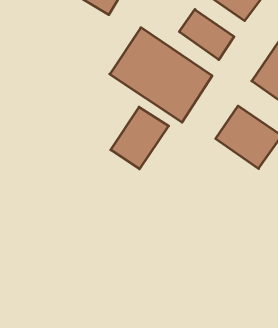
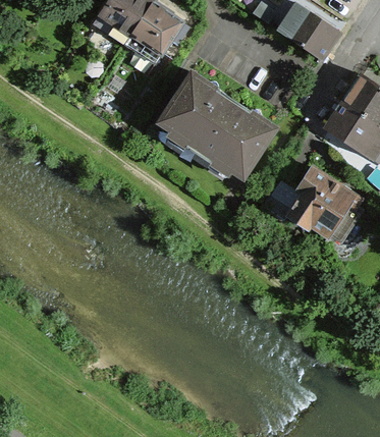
building: [179,9,234,60] -> none
building: [111,107,169,169] -> none

